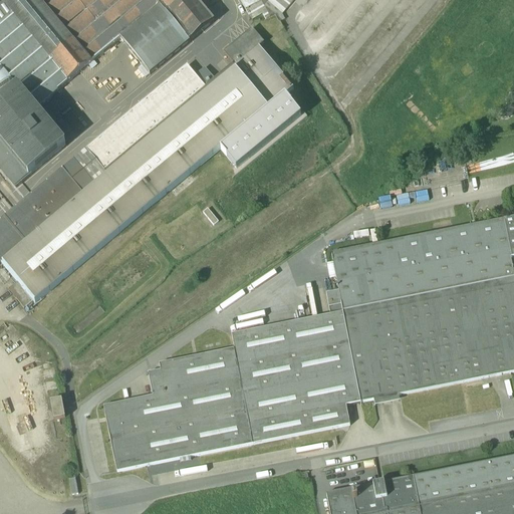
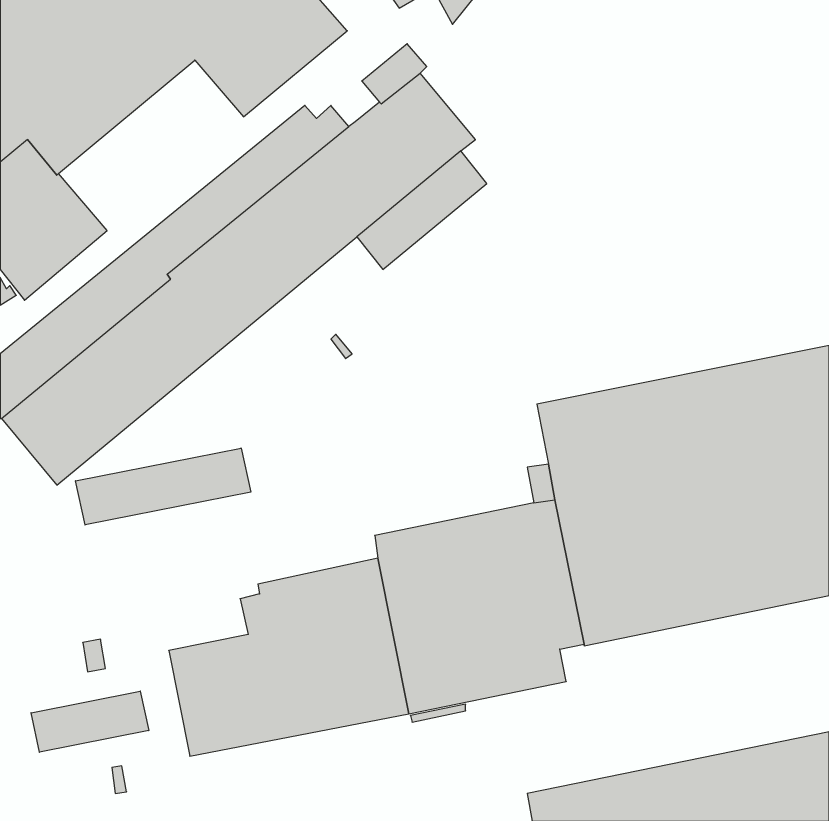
building: none -> [76,448,251,525]
building: none -> [31,691,149,752]

